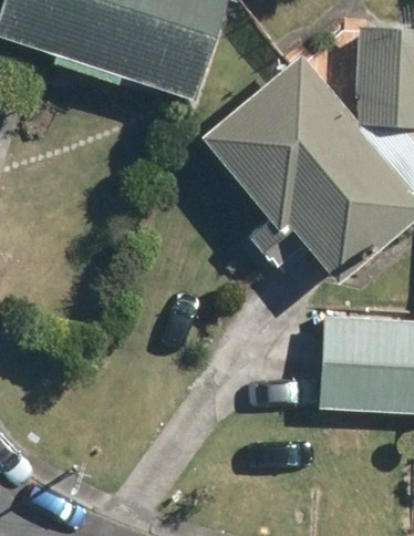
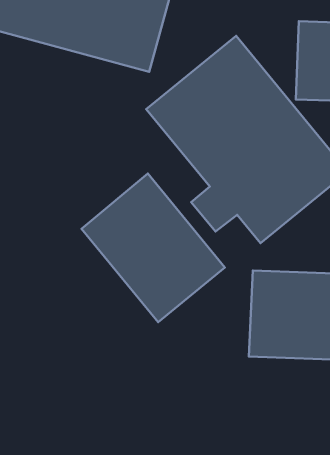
building: none -> [82,174,225,322]

